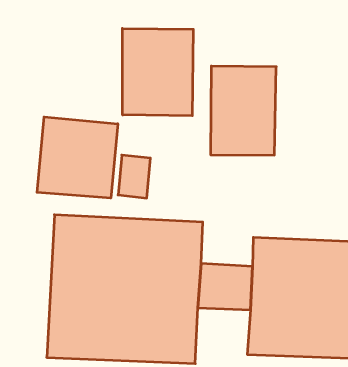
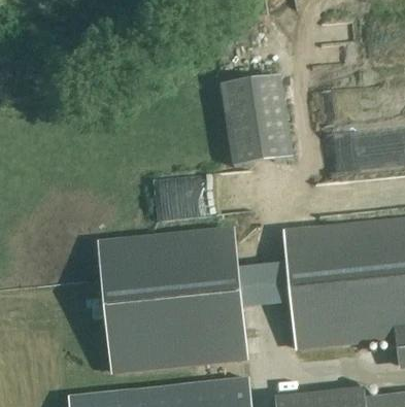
building: [122,28,193,116] -> none
building: [37,117,118,198] -> none

